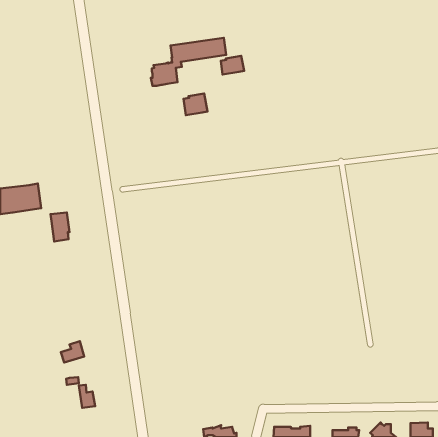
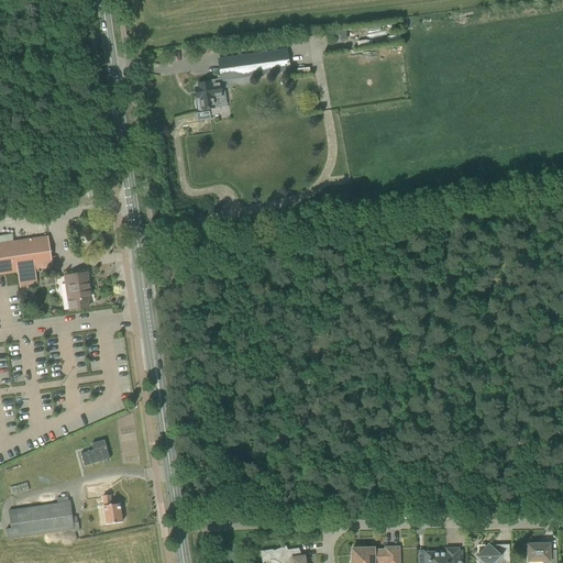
building: [221,56,244,75] -> none
building: [184,94,208,115] -> none
building: none -> [5,501,74,539]

